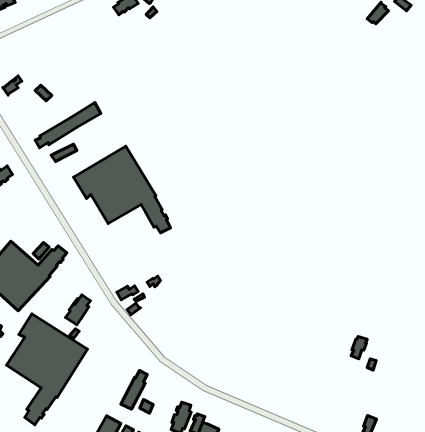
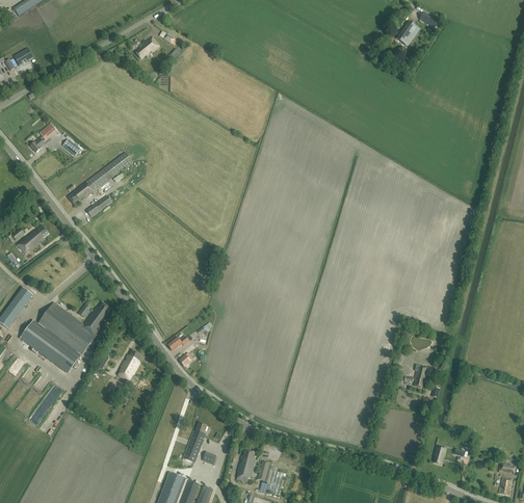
building: [74,146,171,233] -> none
building: [6,314,87,425] -> none

